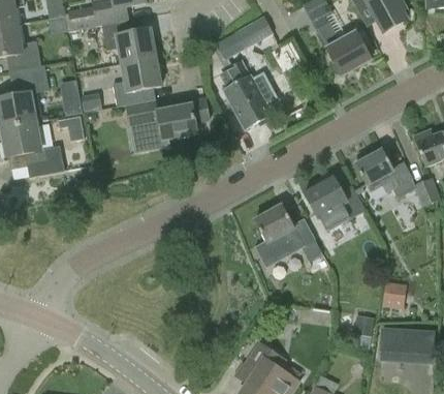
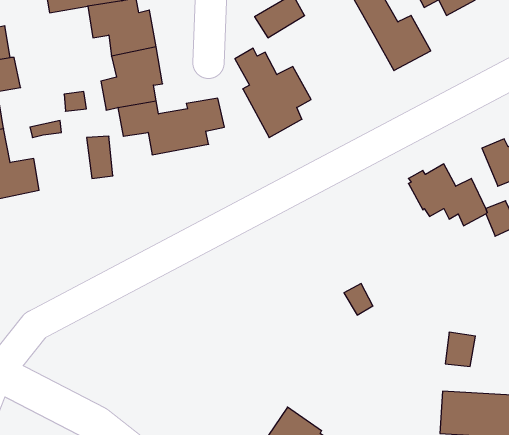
building: [62,79,83,112] -> [87,136,113,178]
building: [304,175,366,218] -> none
building: [254,205,315,267] -> none

